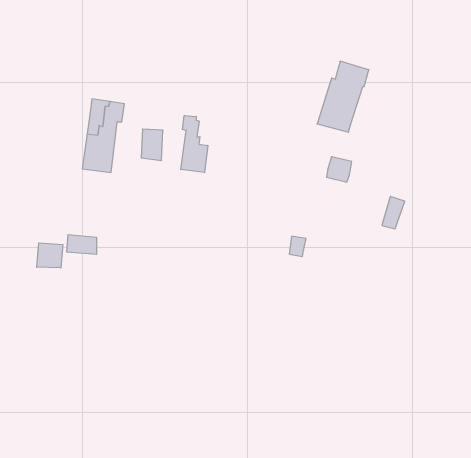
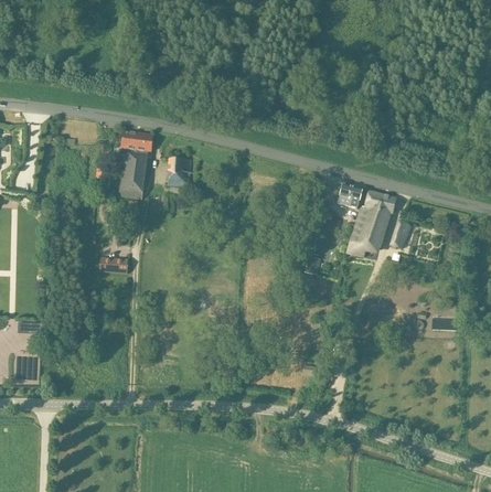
building: [317,61,369,132] -> [349,190,396,255]
building: [181,115,208,173] -> none
building: [37,243,63,268] -> none

